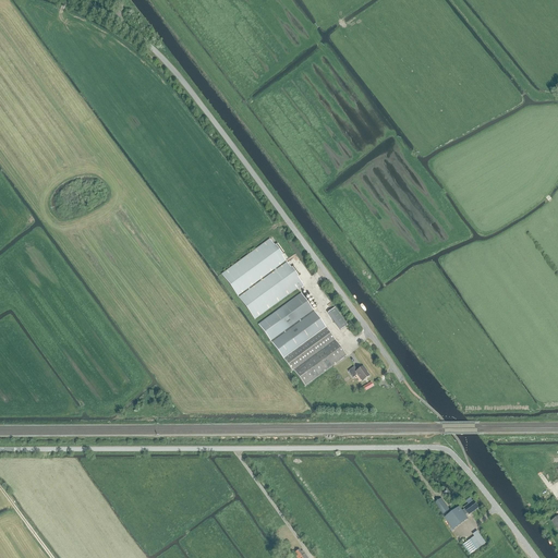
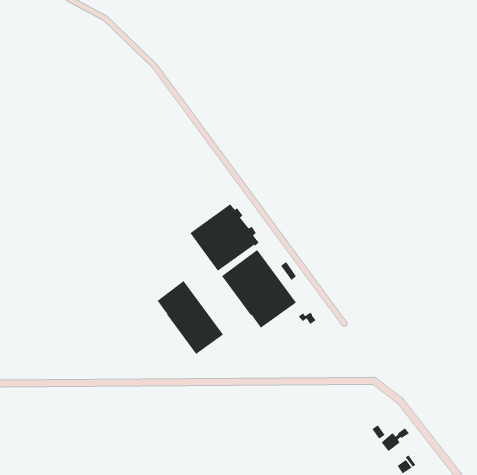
building: none -> [157,280,224,355]

